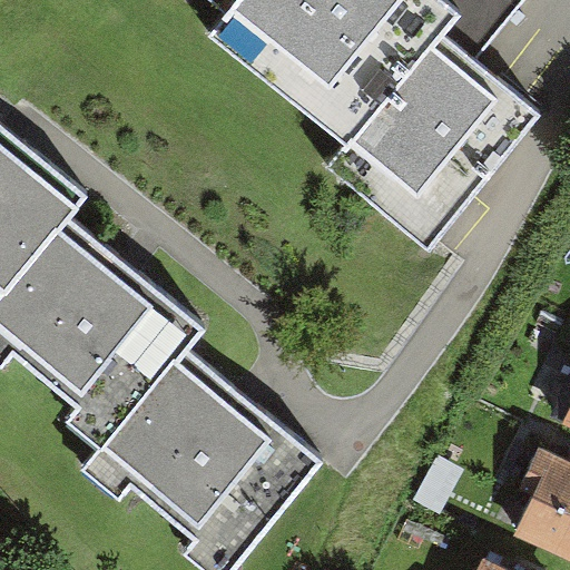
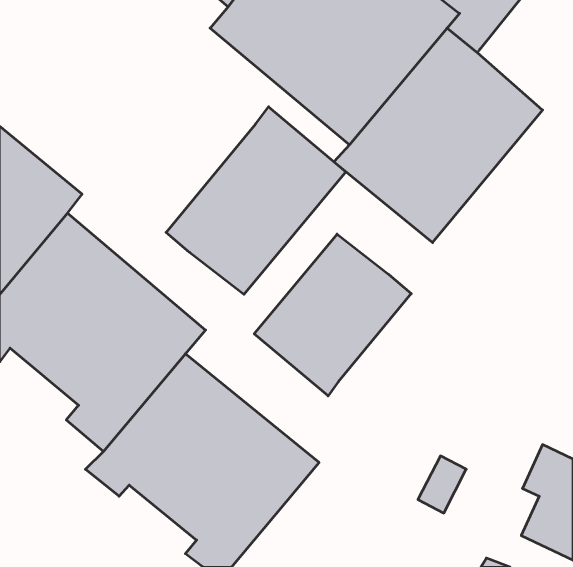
building: none -> [166,107,346,294]
building: none -> [254,234,411,396]

